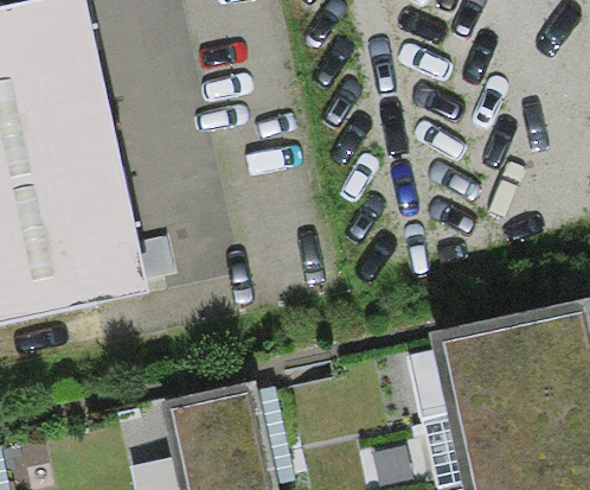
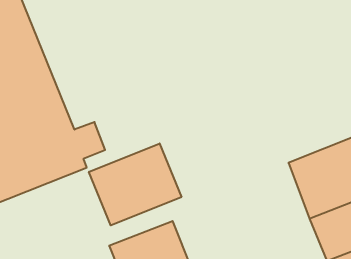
building: none -> [89,143,181,225]

